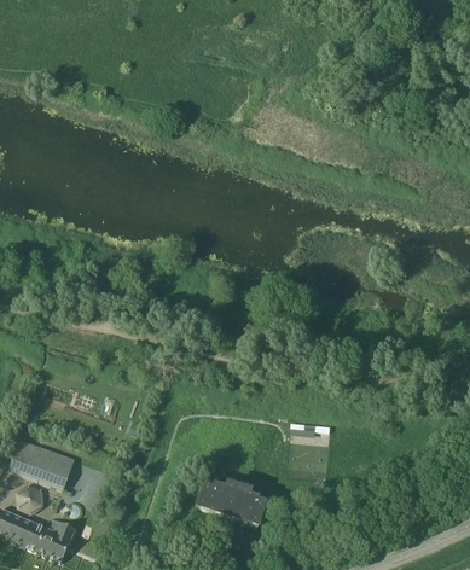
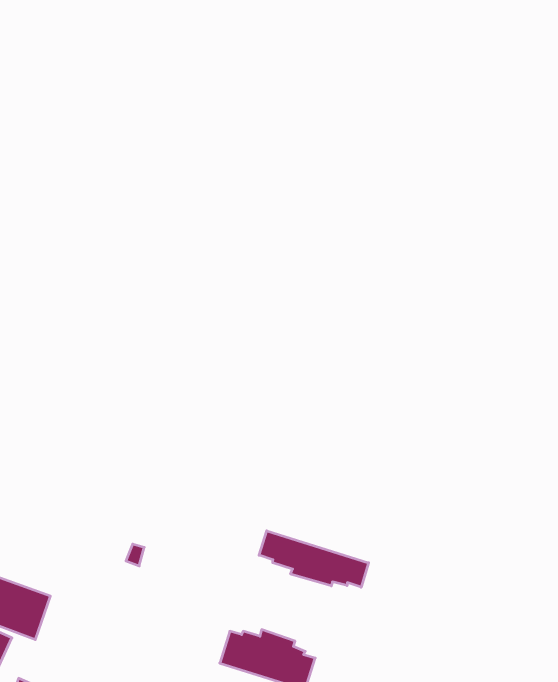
building: none -> [259,531,369,587]

